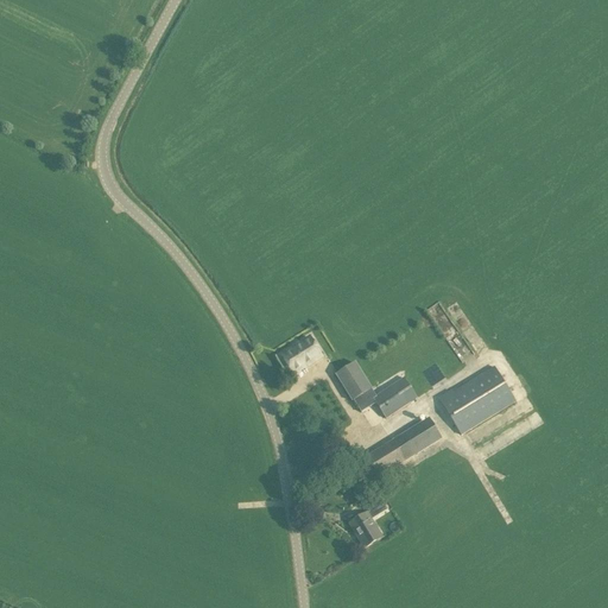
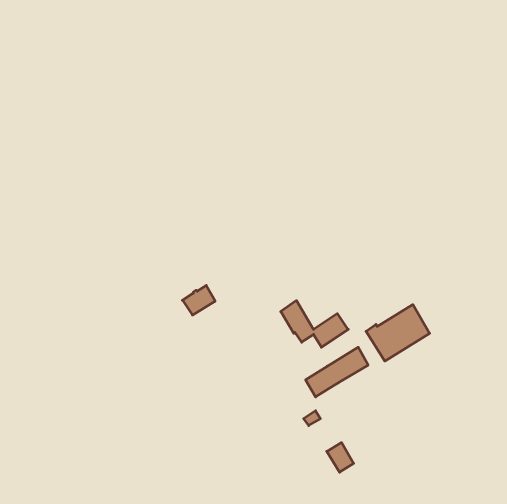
building: [281,335,321,370] -> [182,285,215,315]
building: [349,511,381,546] -> [327,443,354,472]

